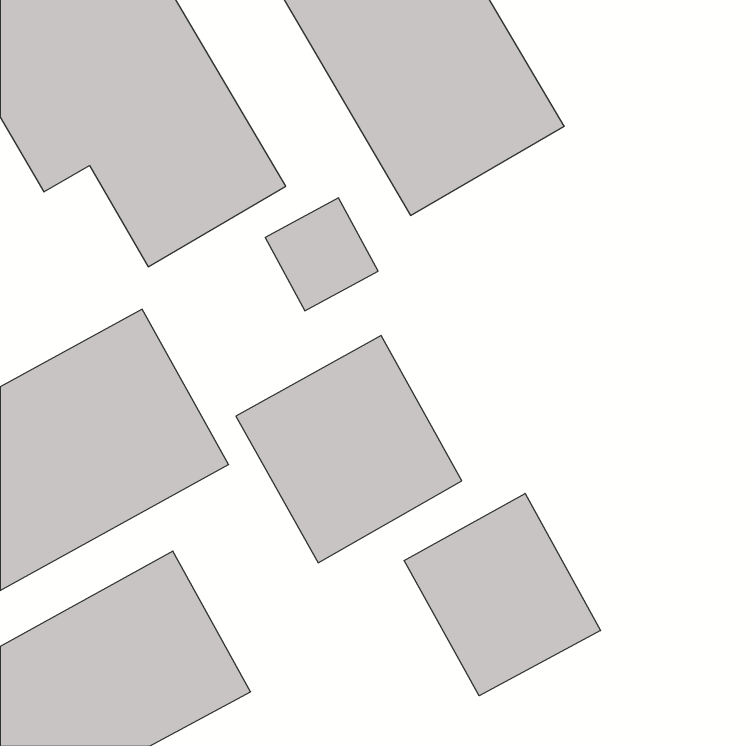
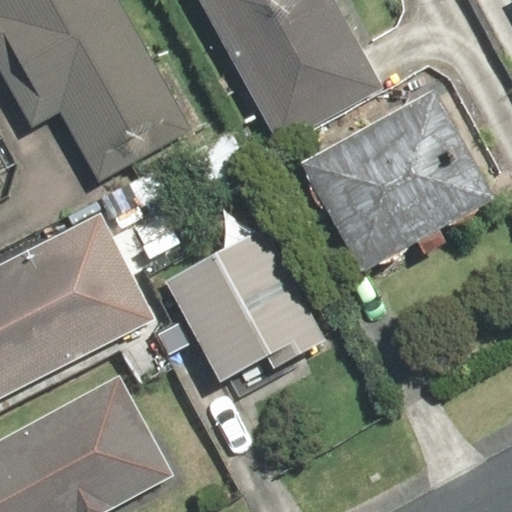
building: none -> [297,93,492,275]
building: [404,493,601,696] -> none

